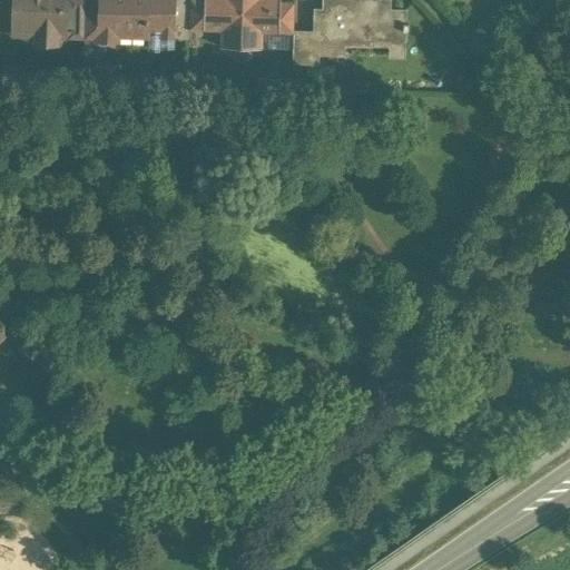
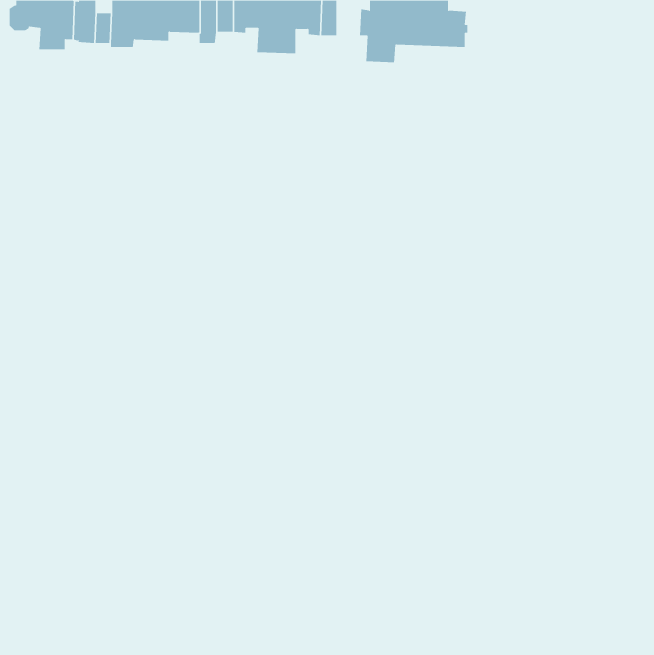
building: [292,30,318,62] -> none

